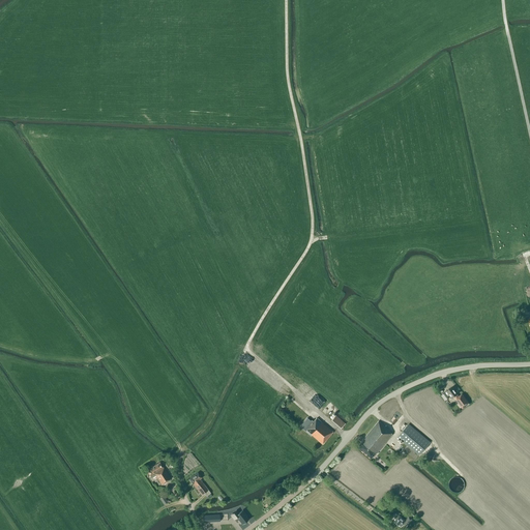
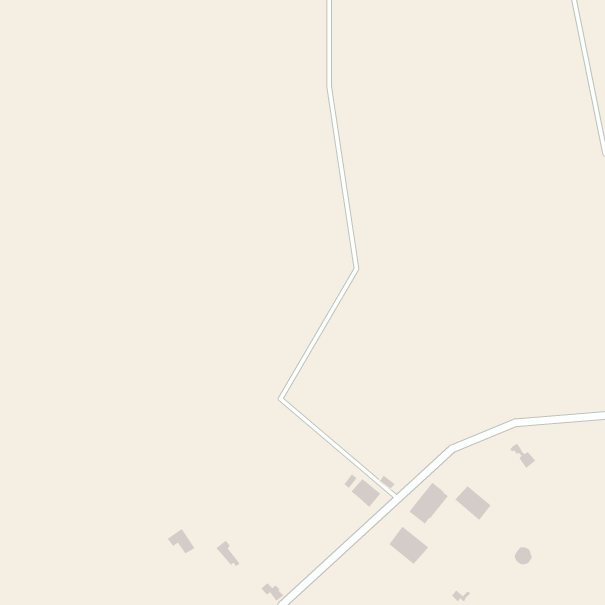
building: none -> [388,526,429,565]

